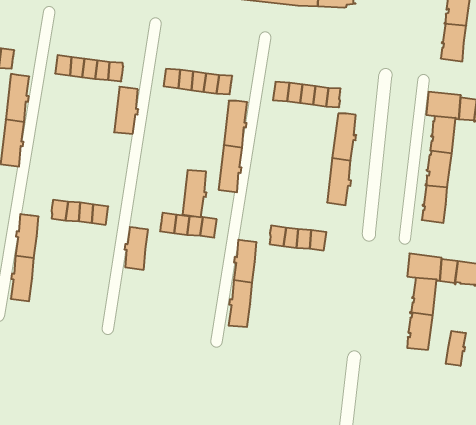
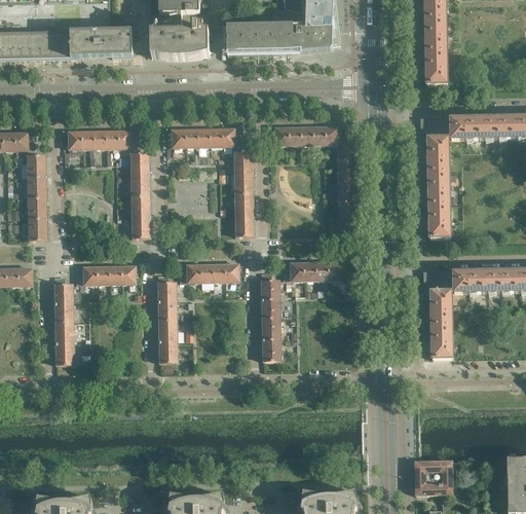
building: [183,170,207,217] -> [132,194,152,237]
building: none -> [157,320,177,363]
building: [446,331,466,366] -> none

